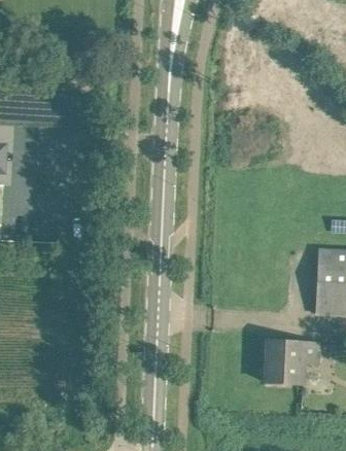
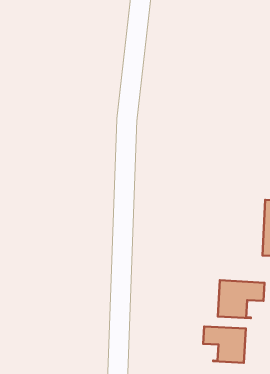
building: none -> [203,327,246,363]

